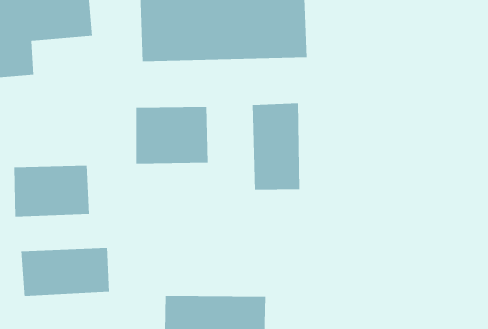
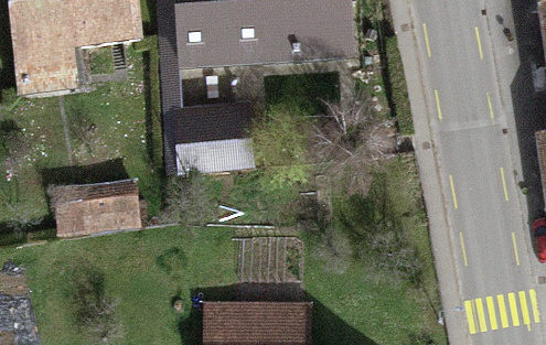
building: [252,102,300,191] -> none
building: [21,247,109,297] -> none

